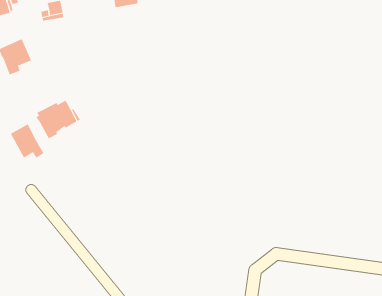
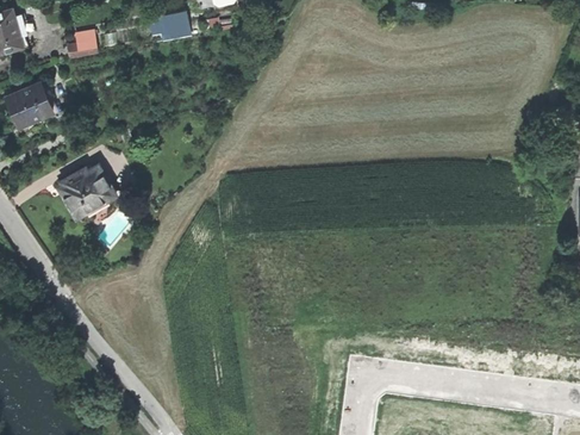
building: [10,124,44,159] -> none

